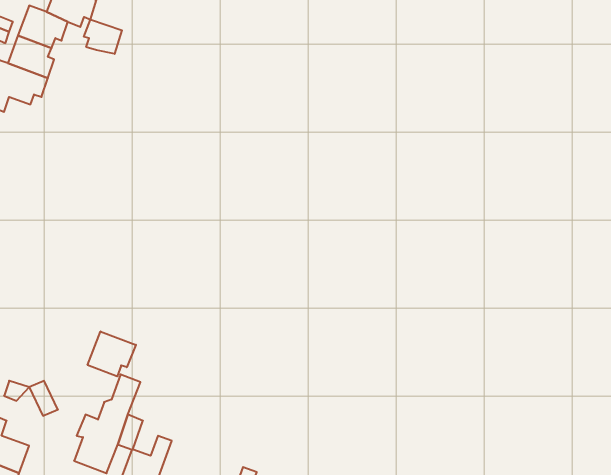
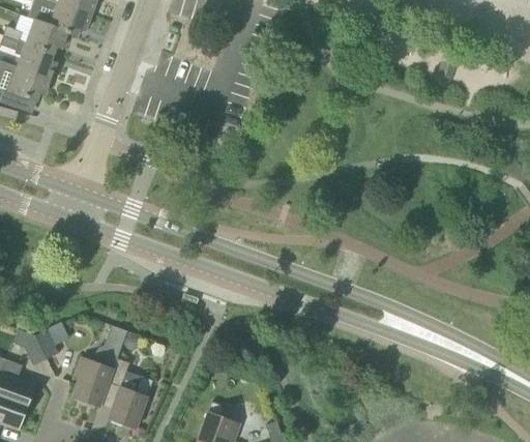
building: [84,19,122,54] -> none
building: [88,331,136,376] -> none

